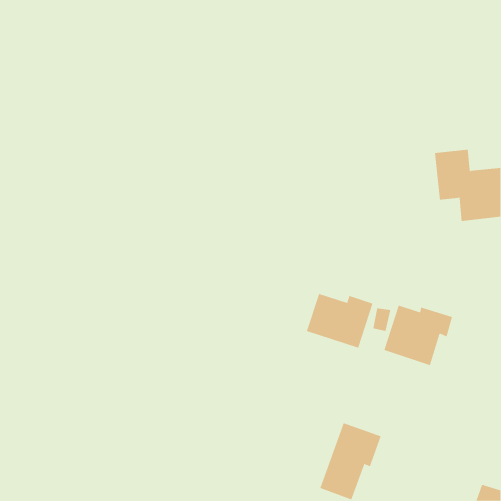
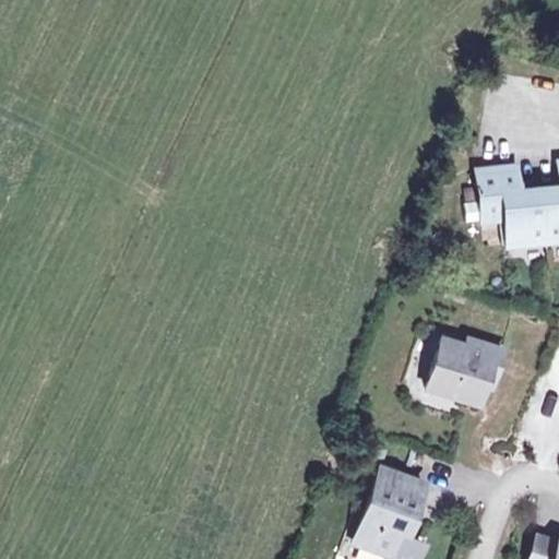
building: [306,293,373,349] -> none

